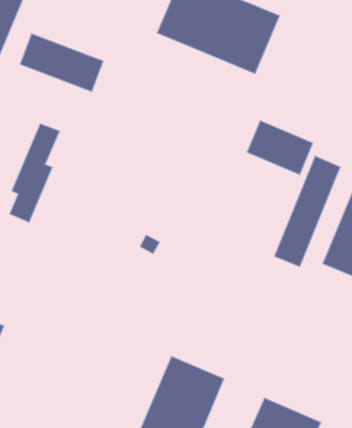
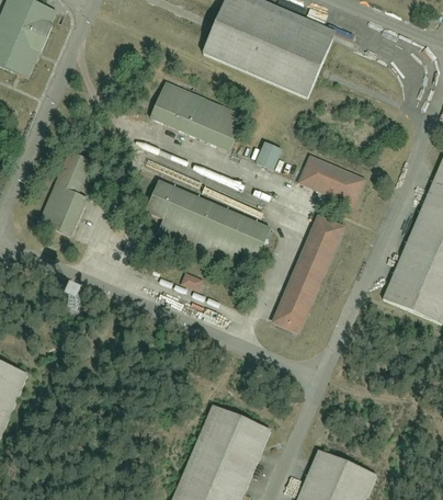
building: [20,34,103,91] -> [150,86,240,148]
building: none -> [255,145,282,173]
building: none -> [140,179,269,271]
building: [275,156,340,266] -> [272,214,343,333]

